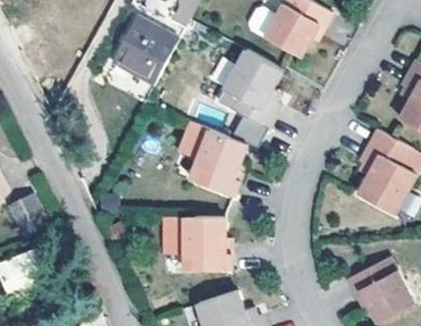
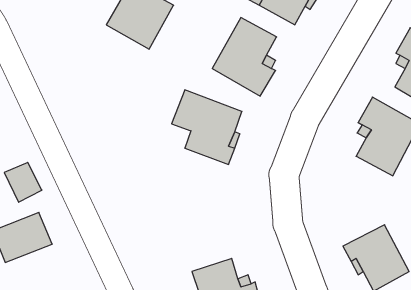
building: [163,217,231,271] -> none

